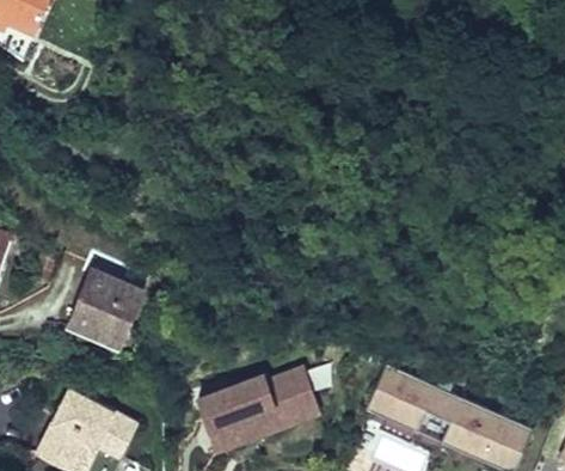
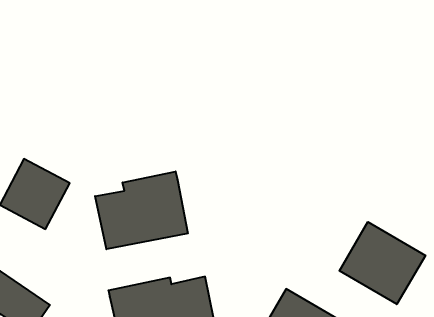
building: none -> [95,171,188,249]
building: none -> [339,222,425,304]

